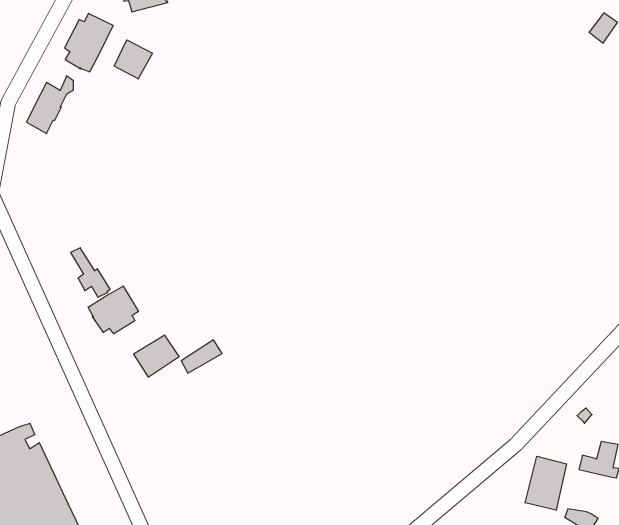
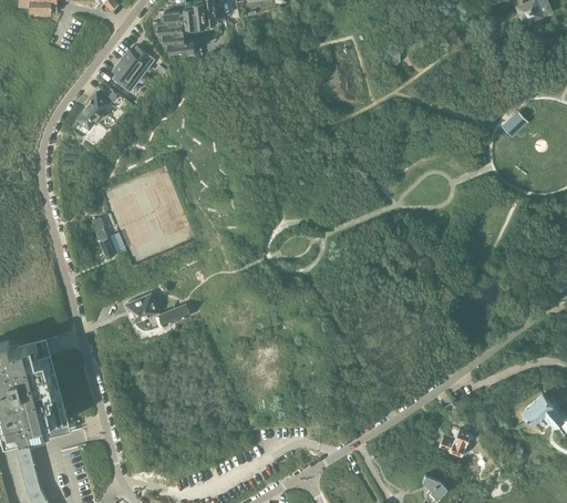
building: [114,40,152,79] -> none
building: [88,286,138,334] -> none
building: [525,456,566,510] -> none

